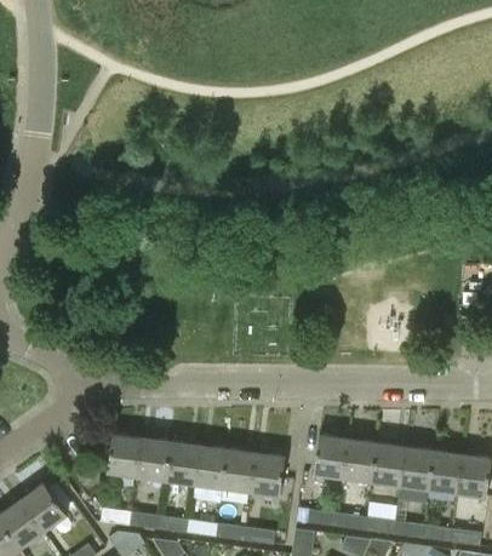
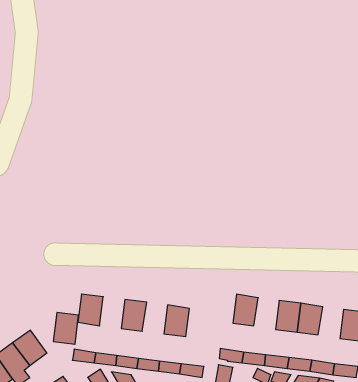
building: [137,437,171,480] -> [53,313,79,344]
building: [343,439,377,481] -> none
building: [194,445,228,487] -> none
building: [429,451,463,493] -> none
building: [252,453,286,495] -> none

